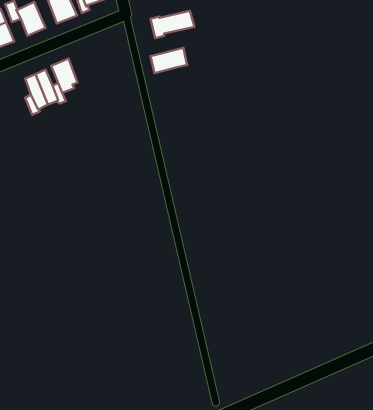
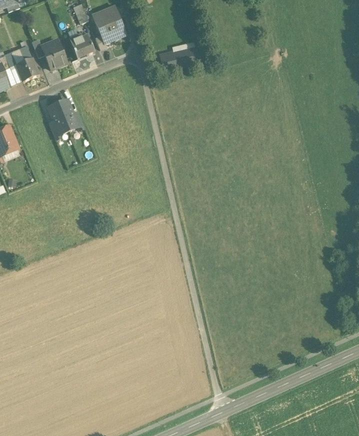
building: [150,48,188,73] -> none
building: [51,59,77,93] -> none

